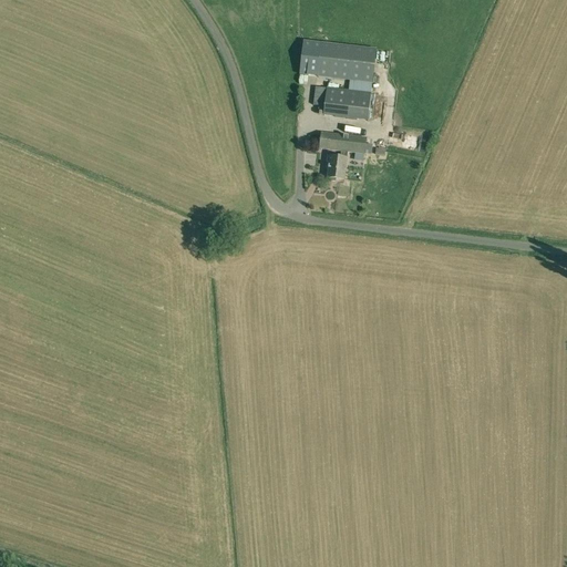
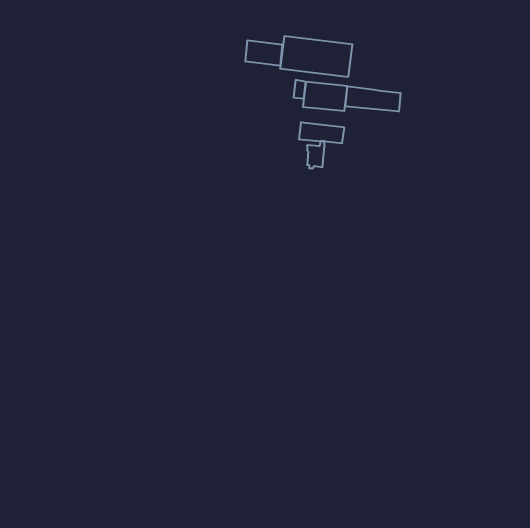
building: none -> [246,40,282,66]
building: none -> [346,86,400,112]

